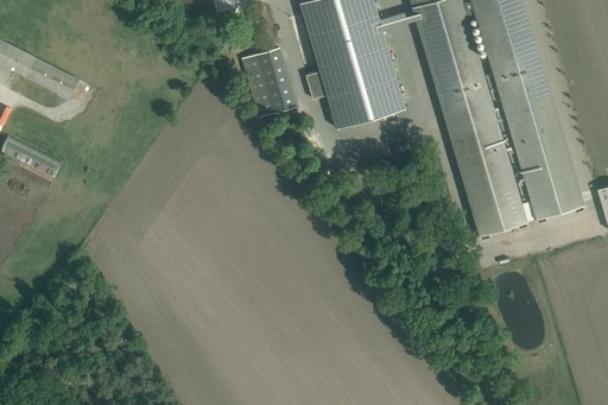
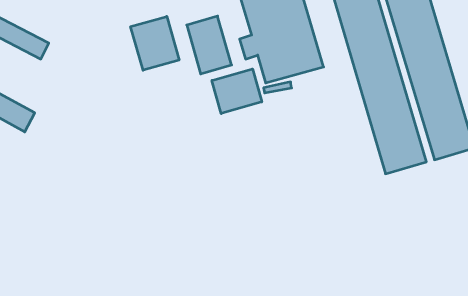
building: none -> [131,16,179,70]
building: none -> [212,69,262,114]

